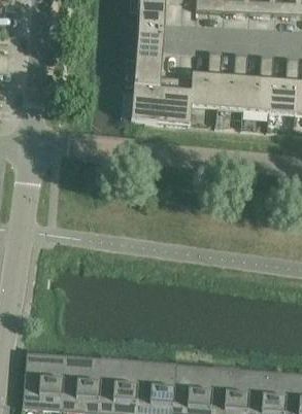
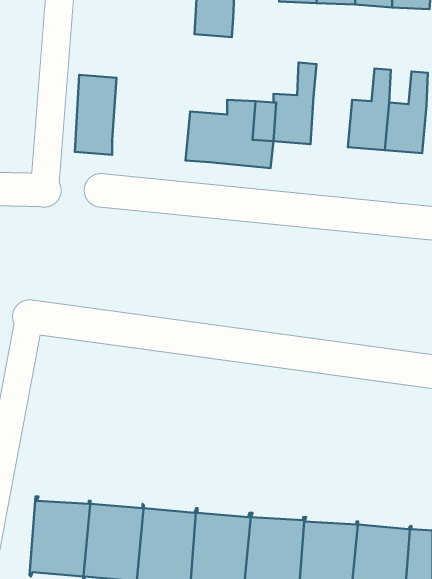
building: [133,32,162,88] -> [75,75,116,155]
building: [216,54,246,110] -> none

